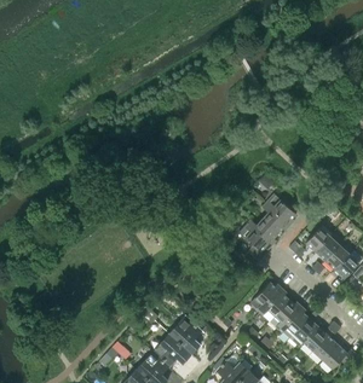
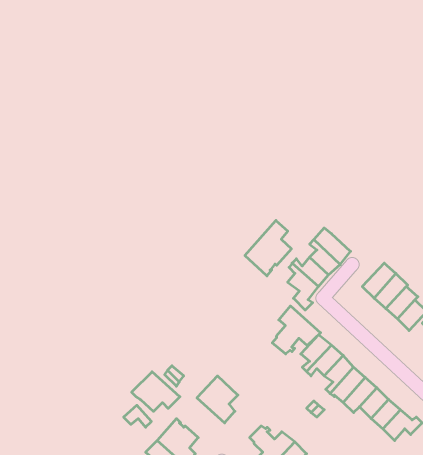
building: none -> [245,220,291,276]
building: none -> [272,306,321,354]
building: [151,335,191,367] -> [132,372,180,411]

